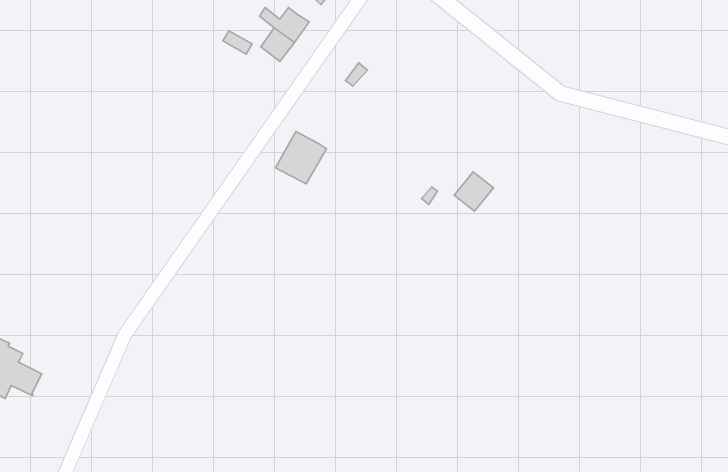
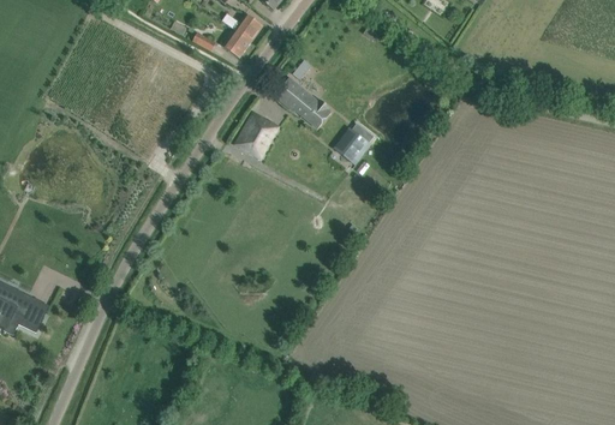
building: none -> [275,76,332,127]
building: [454,172,493,211] -> [334,127,366,160]

